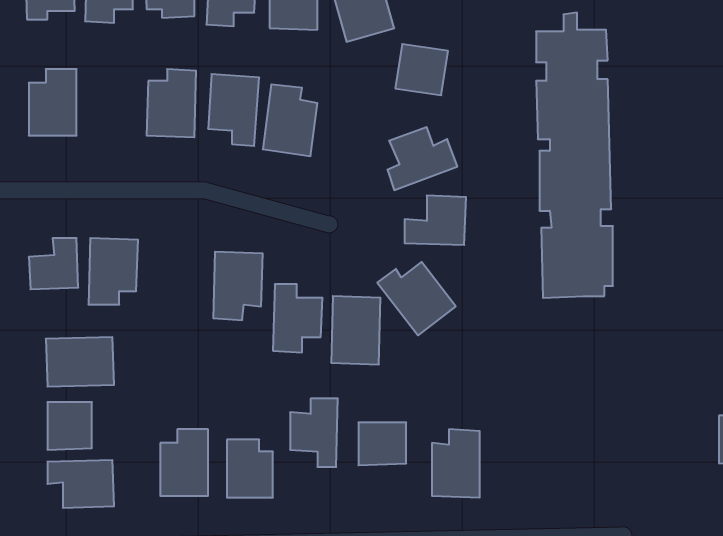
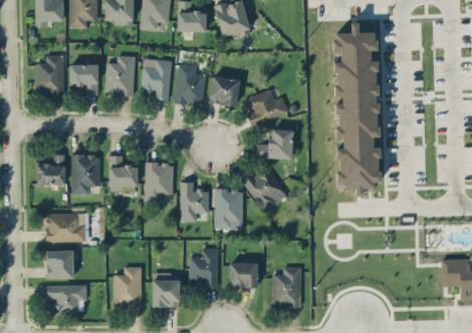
building: [395,44,448,95] -> [209,76,240,106]
building: none -> [69,64,98,94]
building: none -> [109,155,138,192]

